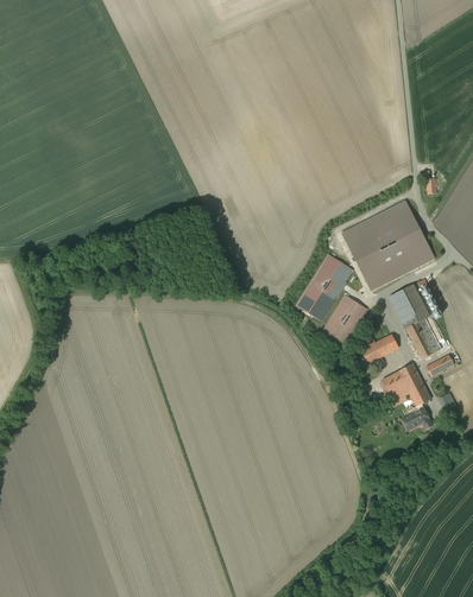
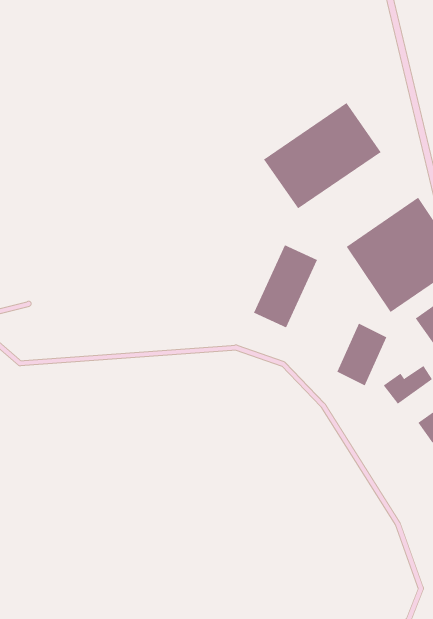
building: none -> [263,102,382,209]
building: [296,254,353,320] -> [253,245,318,328]

